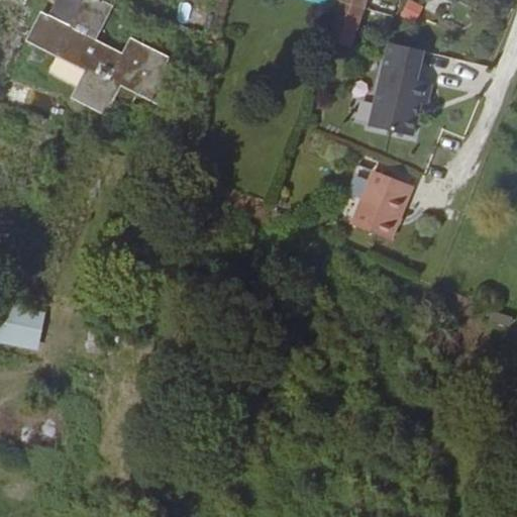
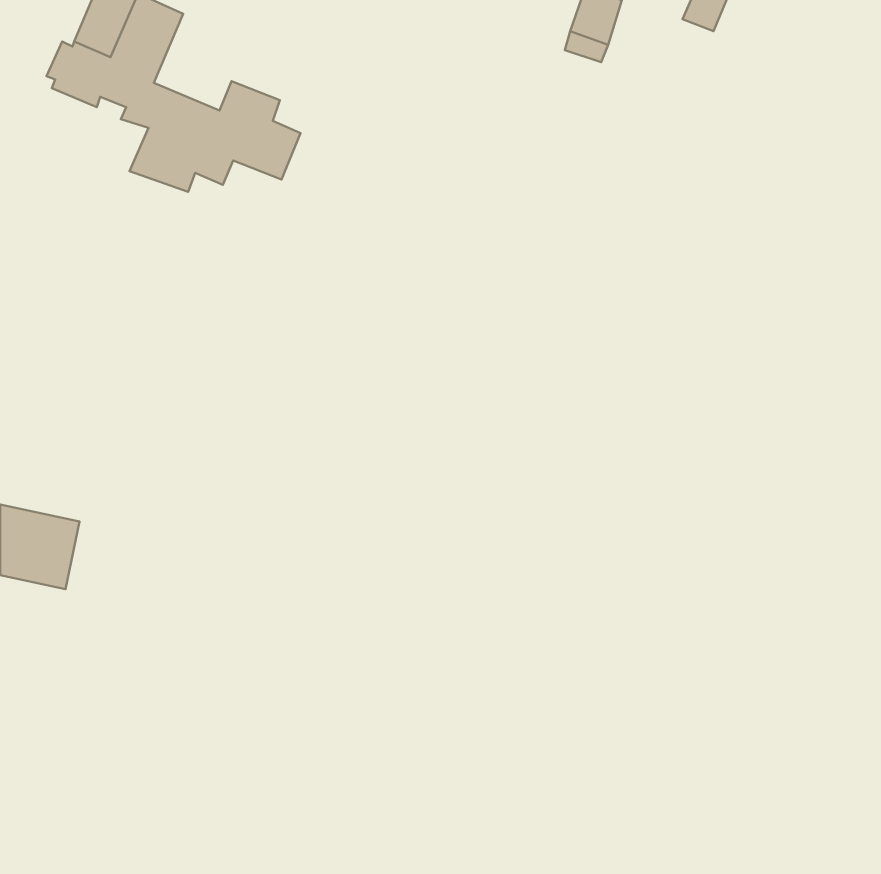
building: [367,35,430,130] -> none
building: [352,166,413,235] -> none

